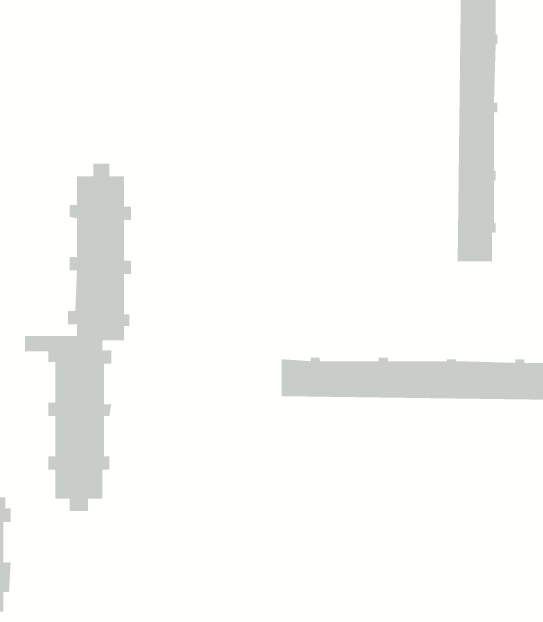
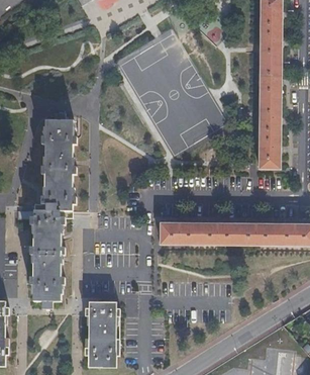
building: none -> [83,299,118,365]

